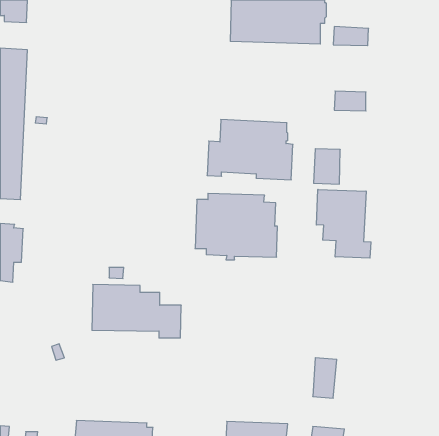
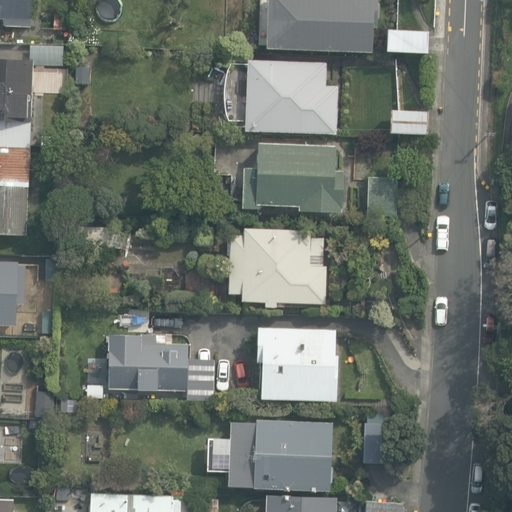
building: none -> [222,59,334,133]
building: [316,189,371,258] -> none
building: none -> [255,326,336,399]
building: none -> [204,419,332,491]

